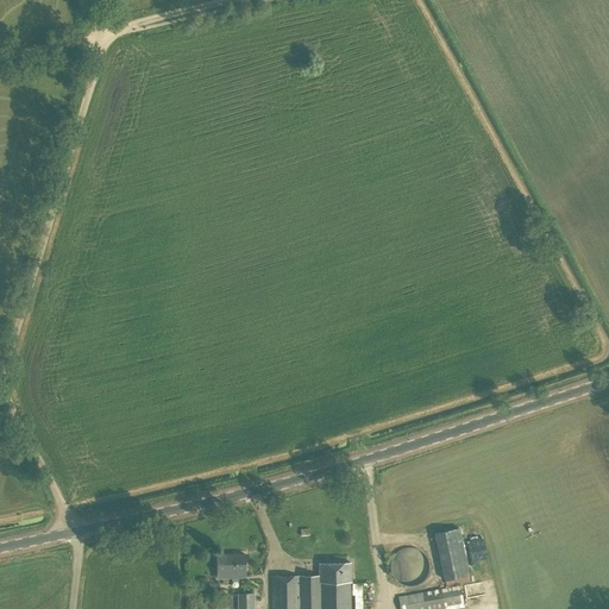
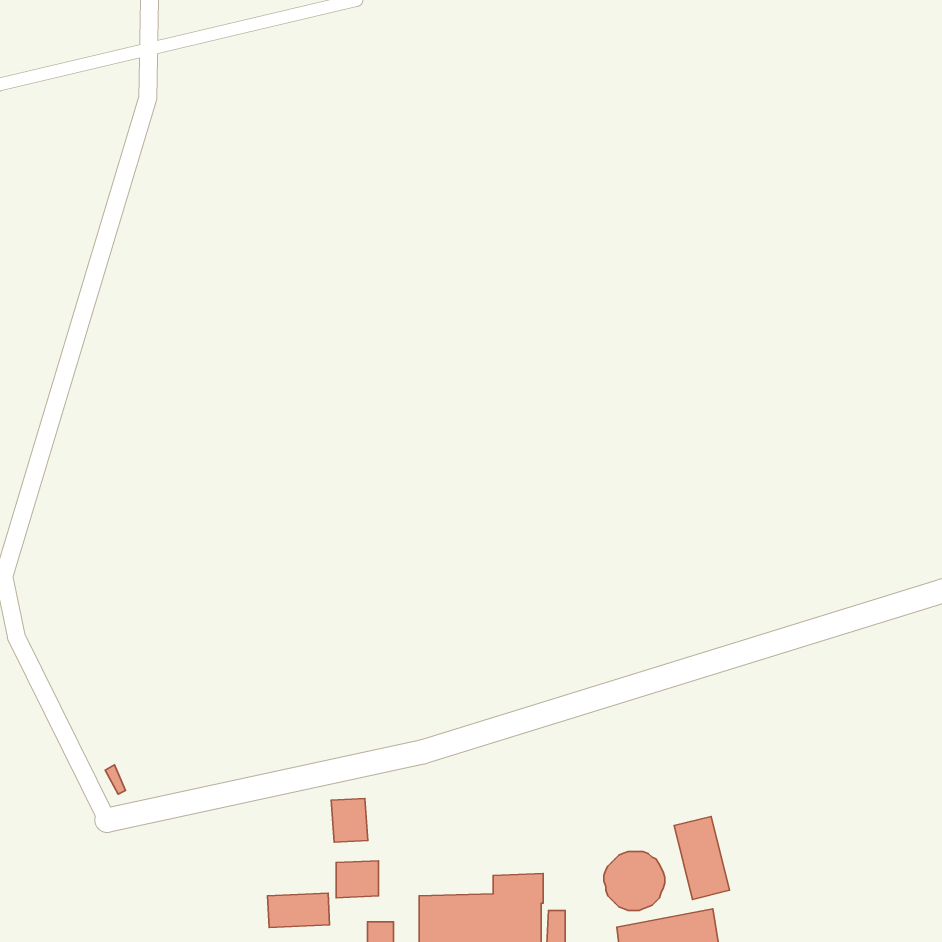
building: none -> [331,799,368,842]
building: none -> [268,893,329,927]

